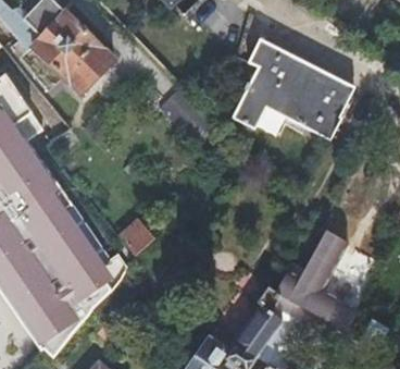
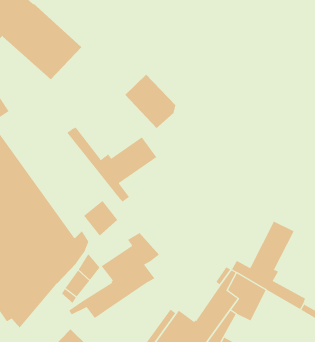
building: [236,41,352,138] -> none
building: none -> [67,127,157,203]
building: none -> [68,232,160,319]

